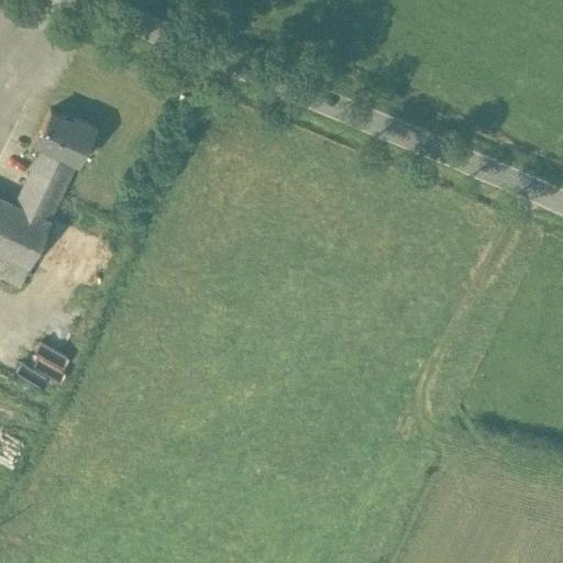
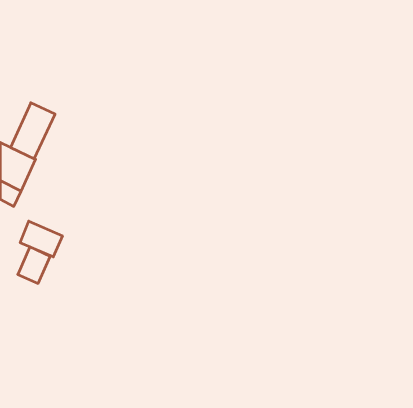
building: [35,112,95,164] -> none
building: none -> [20,221,62,257]

